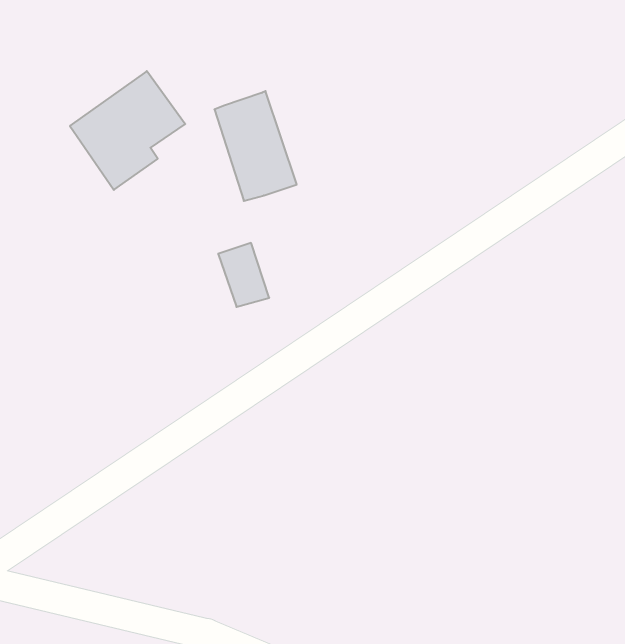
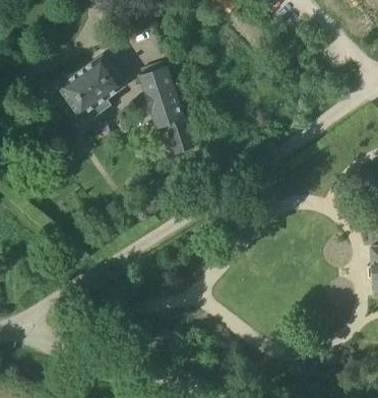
building: [218,243,269,307] -> [167,119,195,154]

